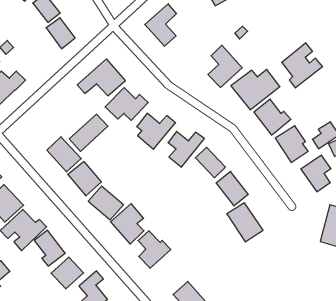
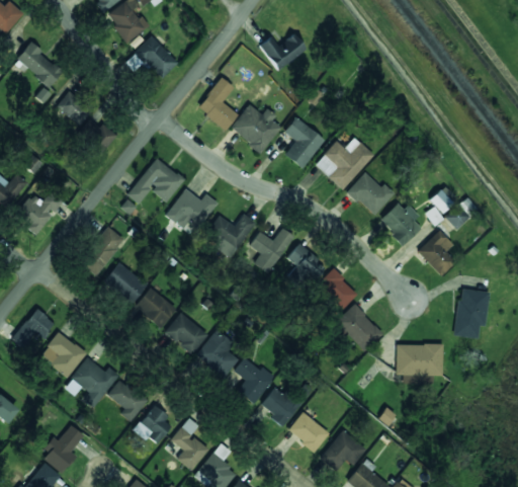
building: none -> [231,104,281,153]
building: [282,43,323,88] -> none
building: [69,114,108,151] -> [80,228,124,276]
building: none -> [396,344,443,385]
building: none -> [261,388,306,427]

